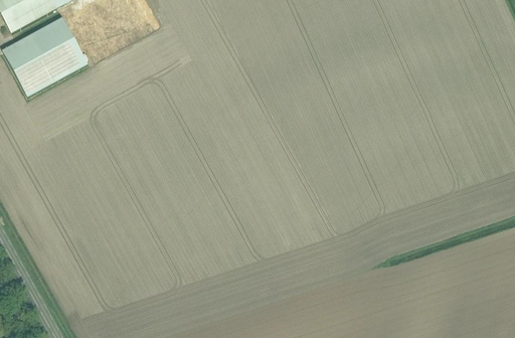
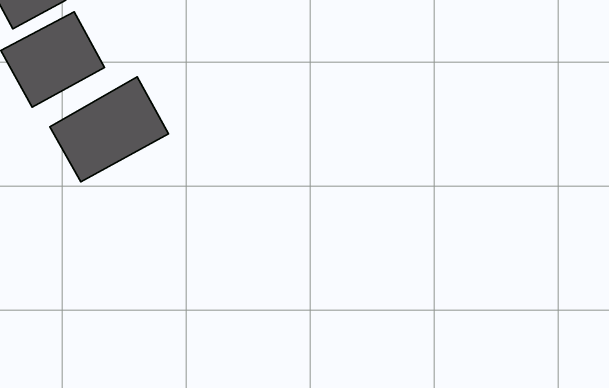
building: none -> [50,77,168,182]

